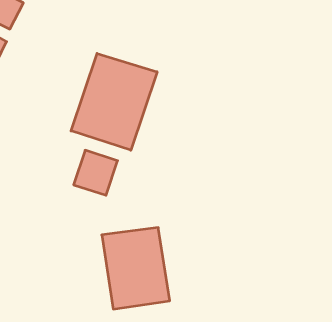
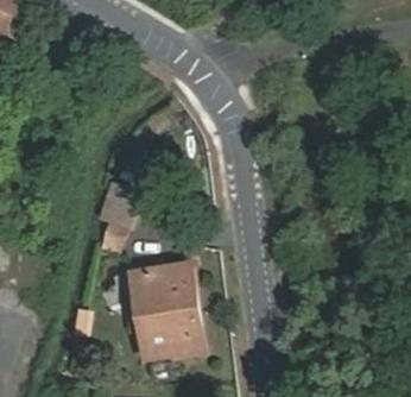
building: [71,53,157,150] -> none

